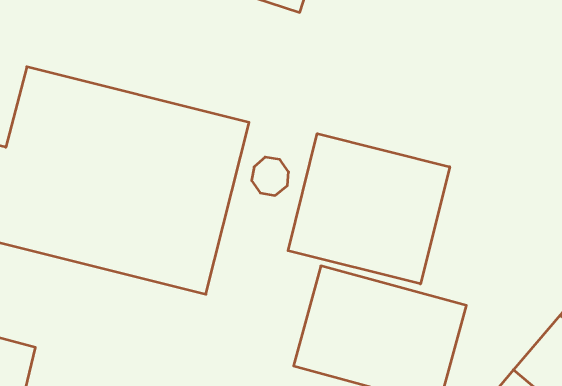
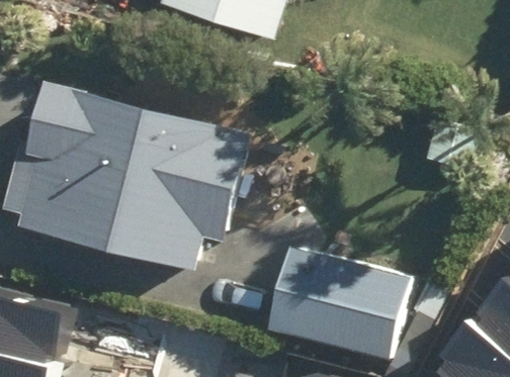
building: [288,134,450,284] -> none

